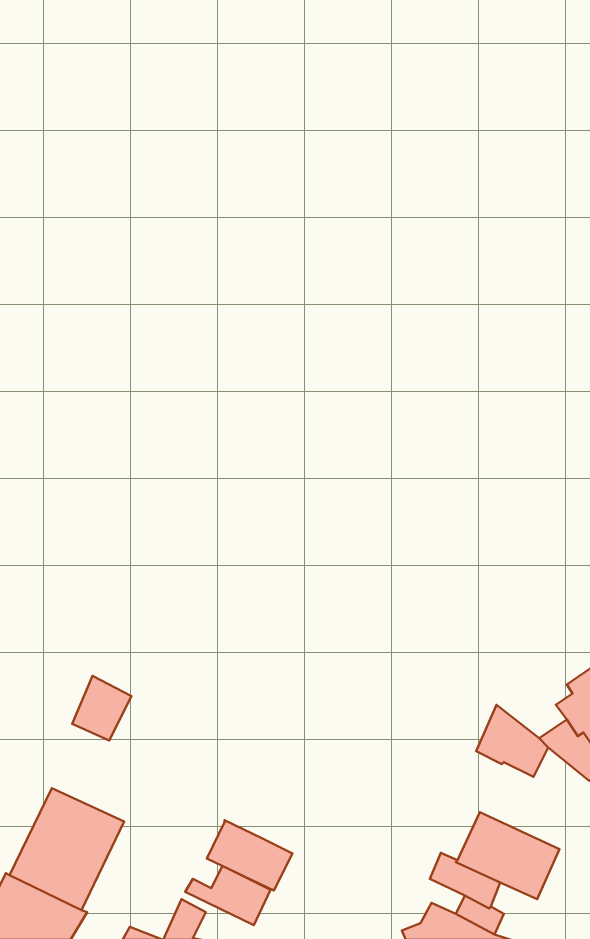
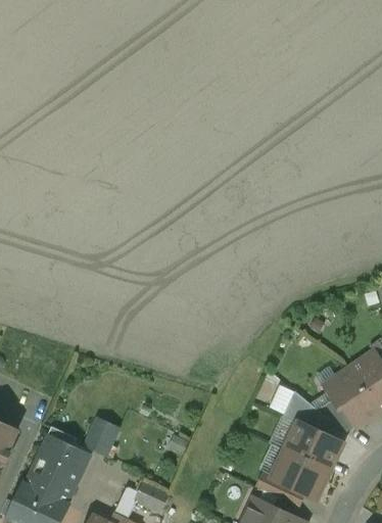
building: [72,676,131,741] -> [86,418,118,454]
building: none -> [285,422,341,470]
building: [207,820,292,891] -> none

